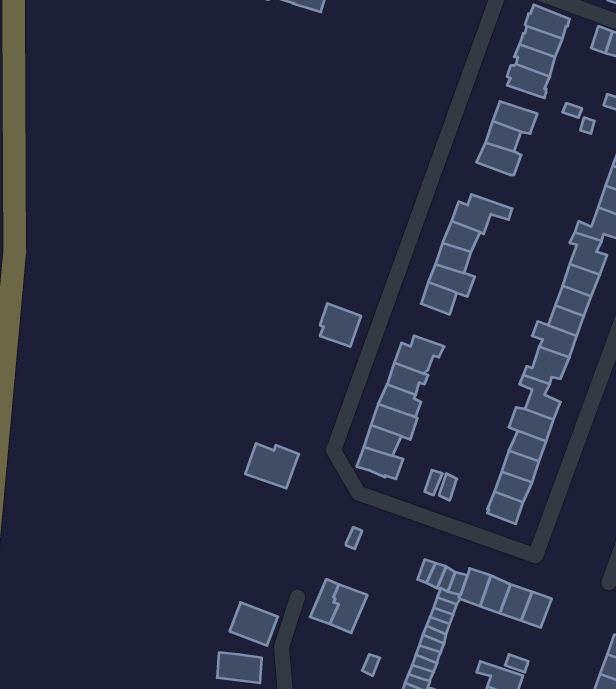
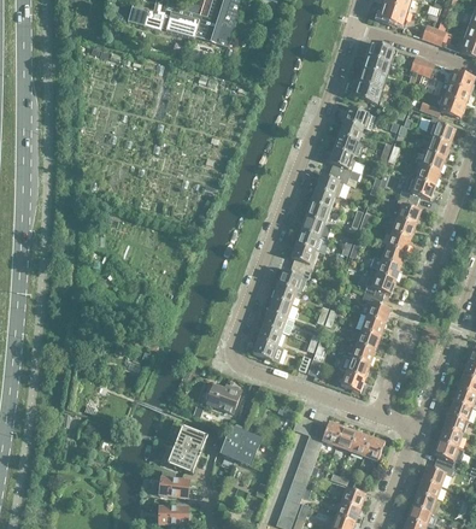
building: none -> [330,147,362,178]
building: [320,304,361,347] -> [293,242,321,271]
building: [245,443,299,488] -> [207,382,243,412]
building: none -> [176,424,208,453]

